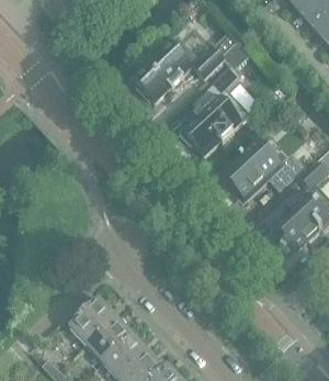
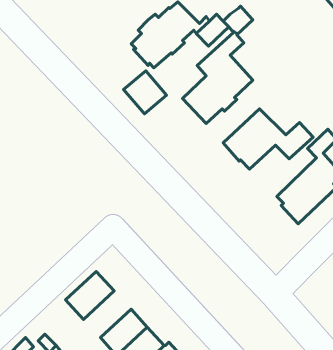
building: none -> [124,71,166,114]
building: [88,317,134,362] -> none

